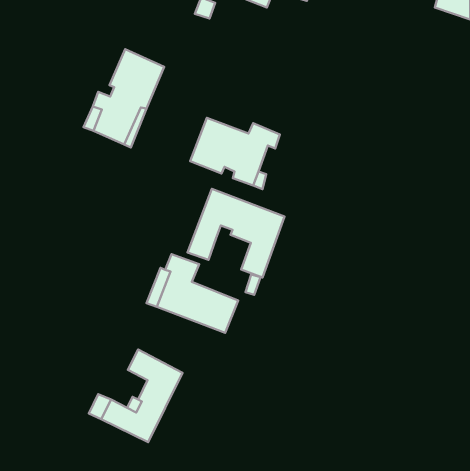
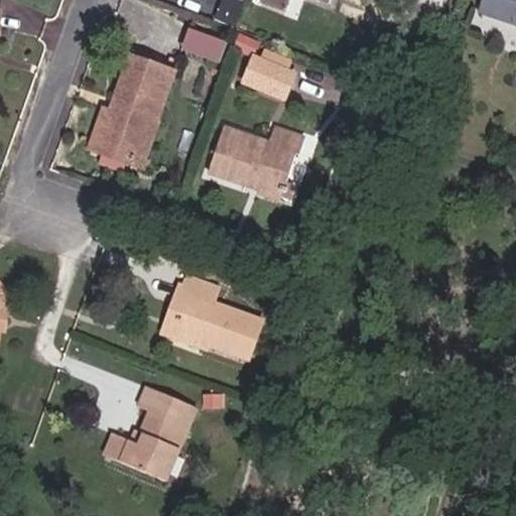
building: none -> [182,24,230,59]
building: none -> [234,34,298,103]
building: [188,189,285,277] -> none

